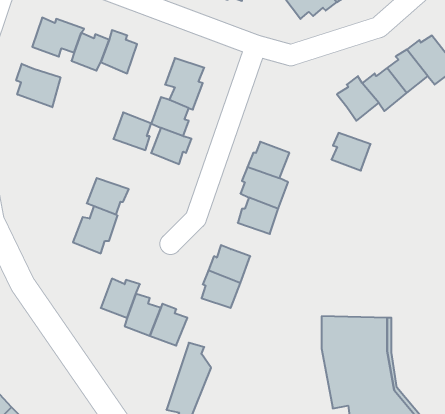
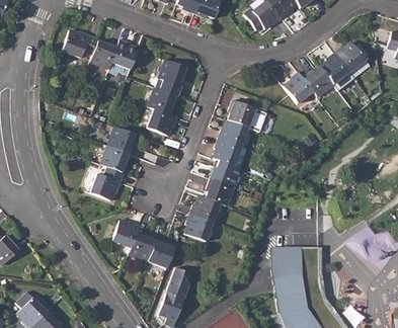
building: [16,64,60,107] -> none
building: [113,112,151,150] -> [108,127,136,154]
building: [331,133,371,171] -> [227,100,255,128]
building: none -> [206,178,234,206]

